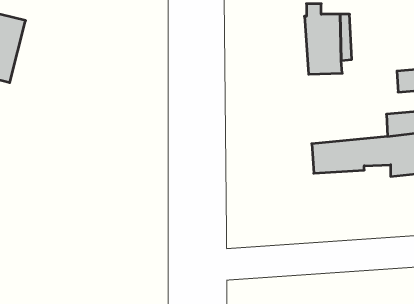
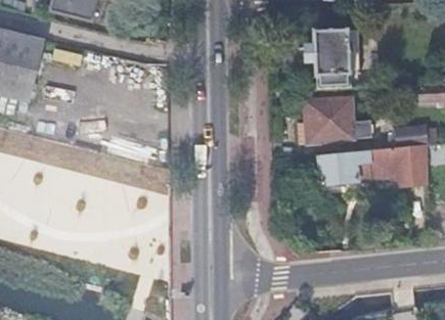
building: none -> [306,103,372,145]

